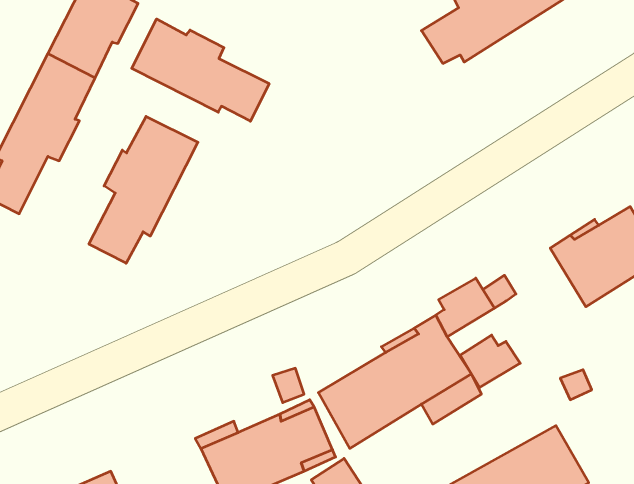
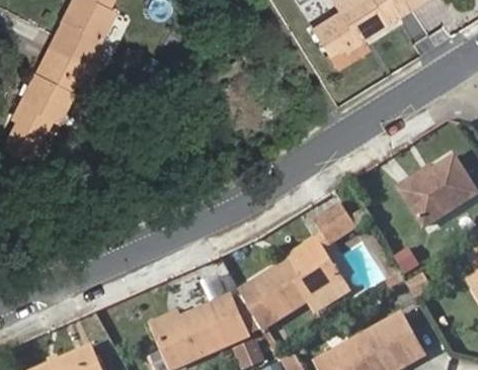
building: [132,19,269,121] -> none
building: [89,116,198,263] -> none
building: [460,335,520,388] -> none

